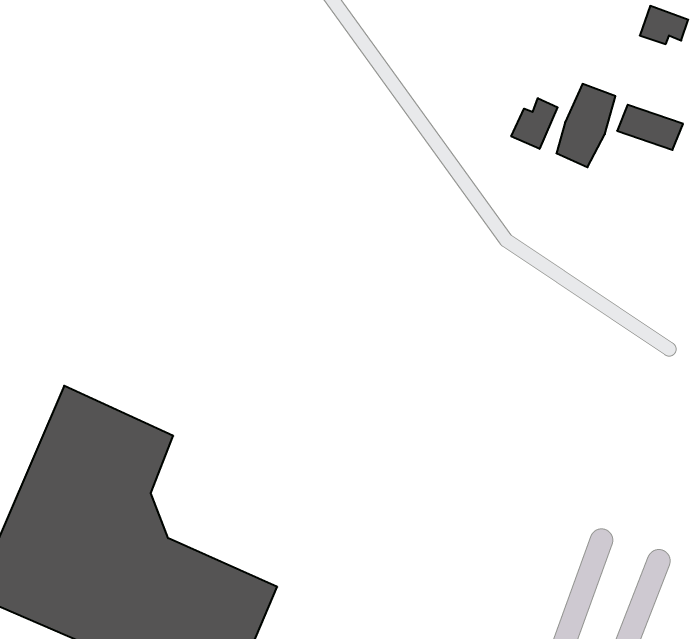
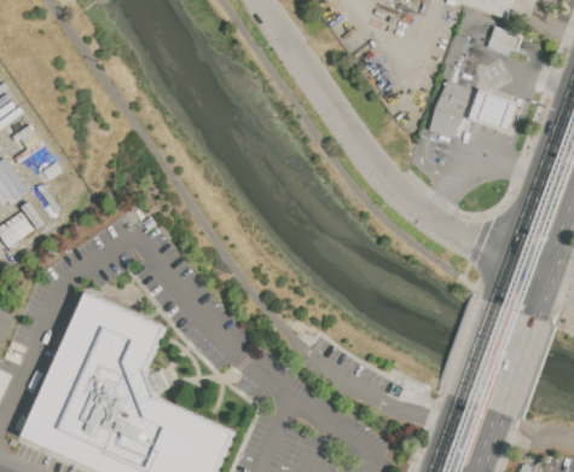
building: [511,98,558,149] -> none

